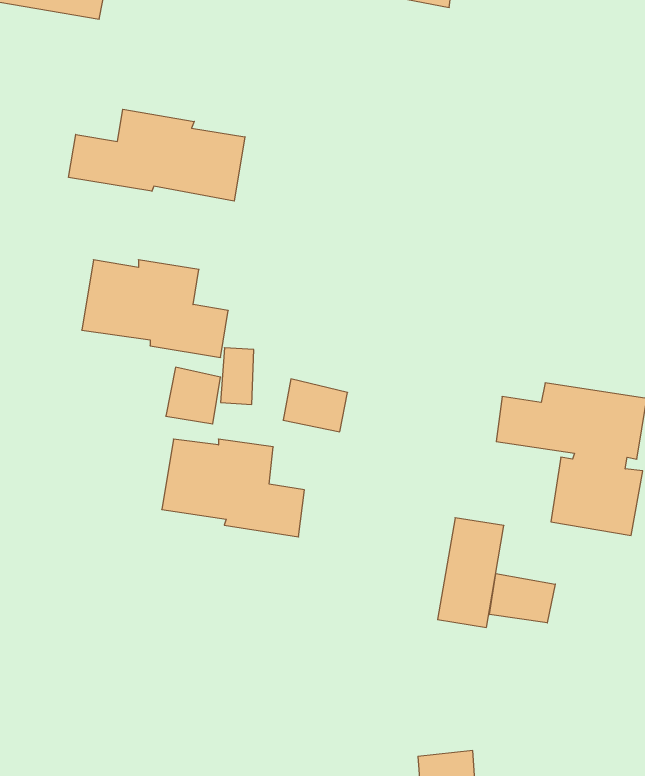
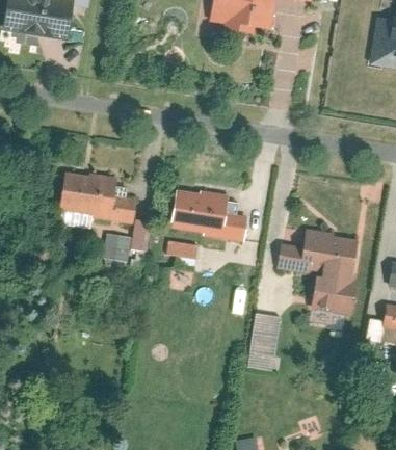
building: [69,109,245,201] -> none
building: [162,439,304,537] -> [170,190,246,242]
building: [489,574,555,623] -> none

